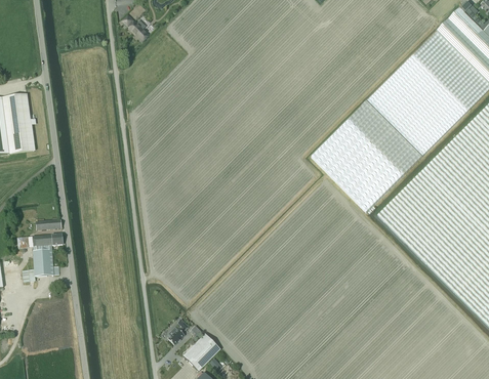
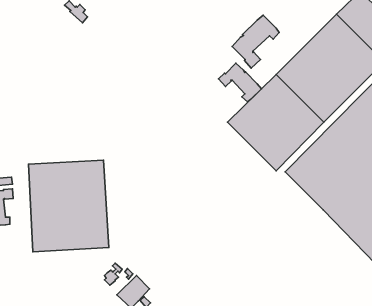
building: none -> [232,15,279,68]
building: none -> [218,63,261,102]
building: none -> [29,160,109,252]

